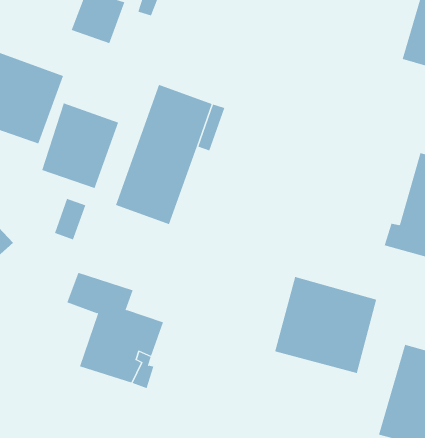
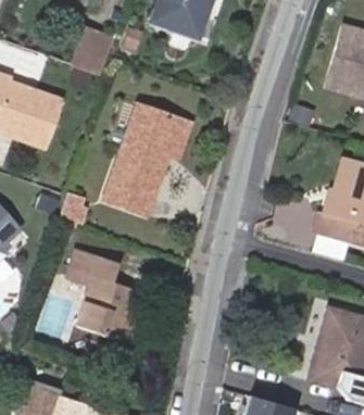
building: [41,102,119,189] -> none
building: [274,276,377,374] -> none

